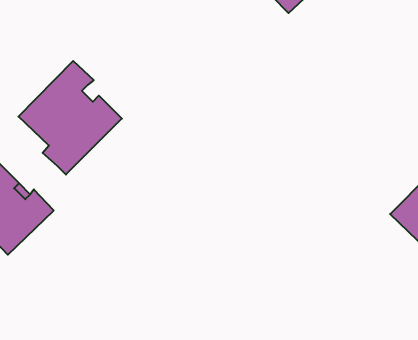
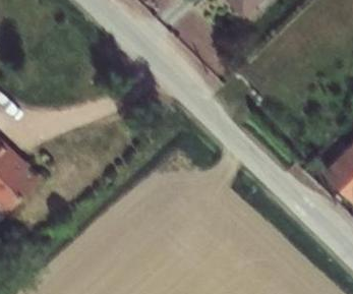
building: [18,61,122,175] -> none

